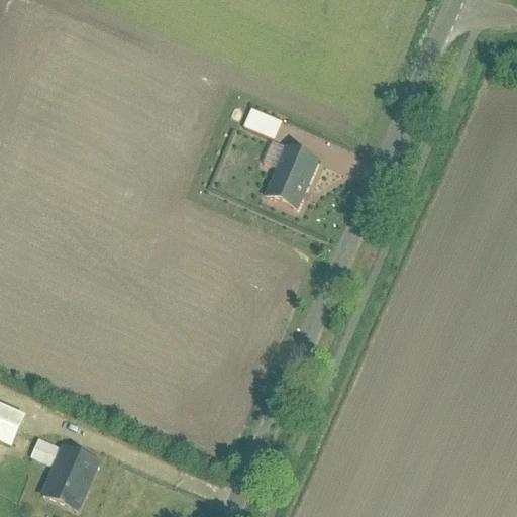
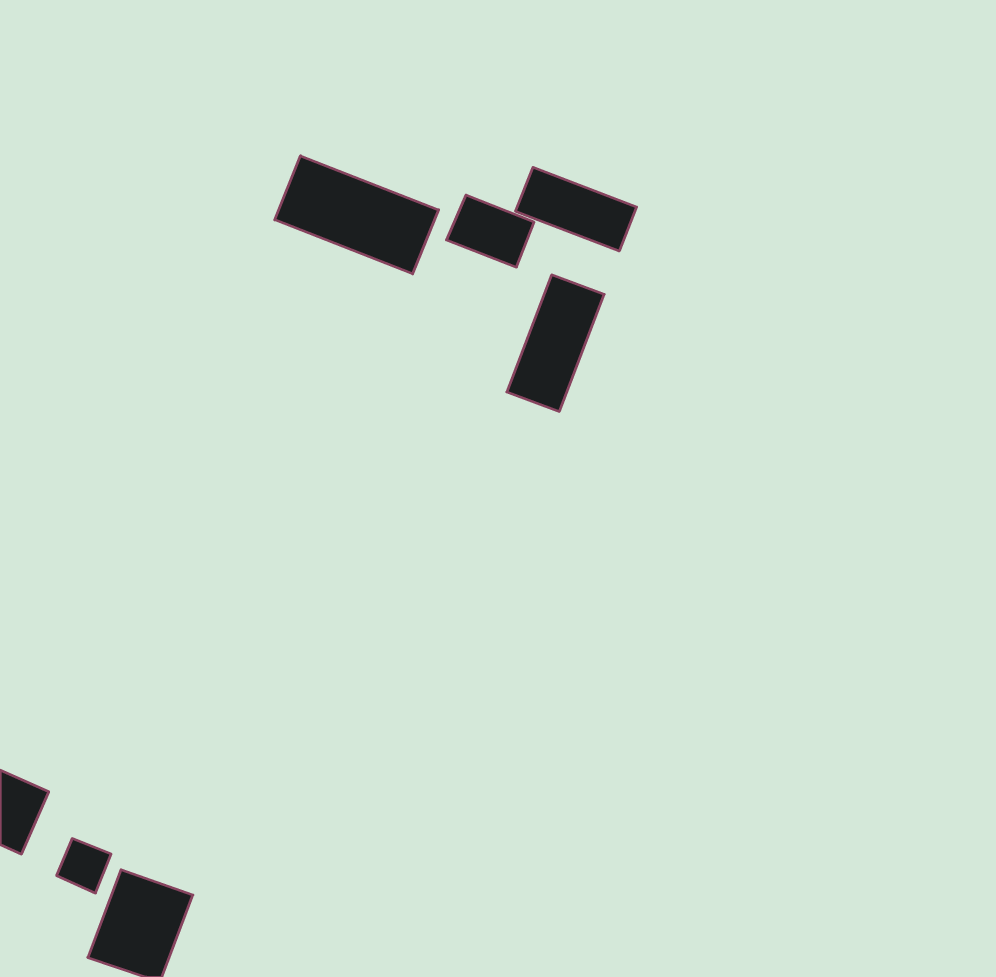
building: none -> [275,156,439,274]
building: none -> [516,167,637,251]

